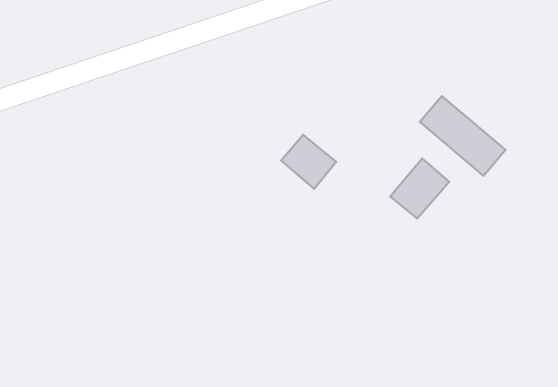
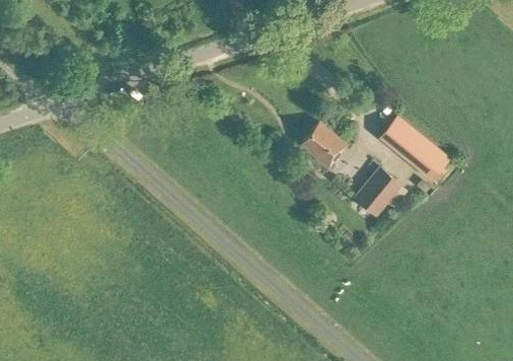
building: [281,135,336,189] -> [301,123,347,167]

